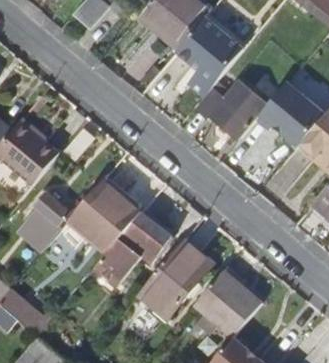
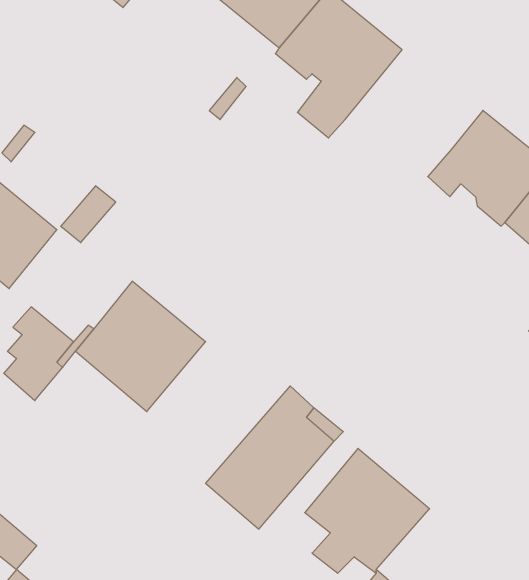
building: [197,80,272,142] -> none
building: [90,211,169,287] -> none

